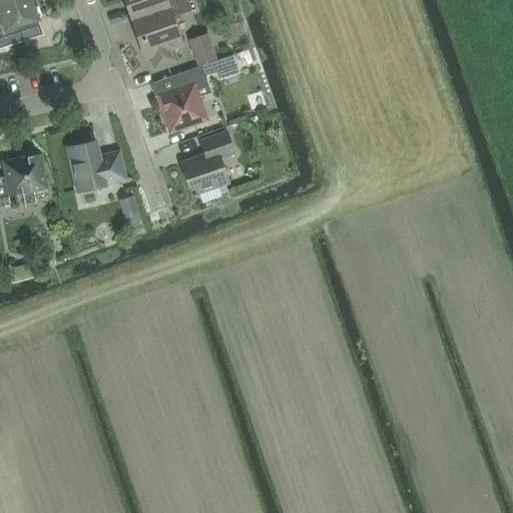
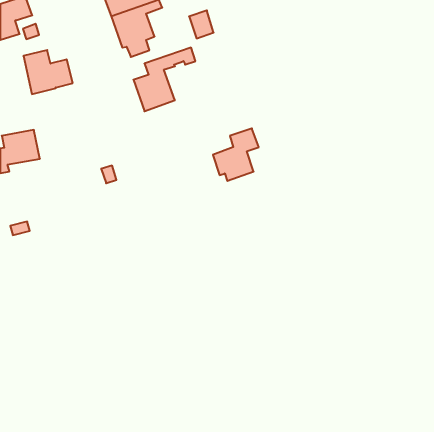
building: [187,31,216,64] -> [189,10,214,38]
building: [180,130,234,192] -> [213,128,259,181]
building: [67,139,125,191] -> [23,50,73,94]

